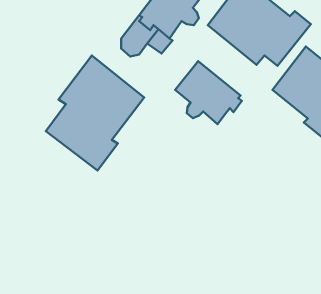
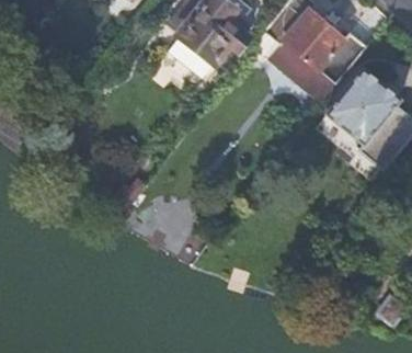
building: [46,56,144,171] -> none
building: [175,61,242,124] -> none

